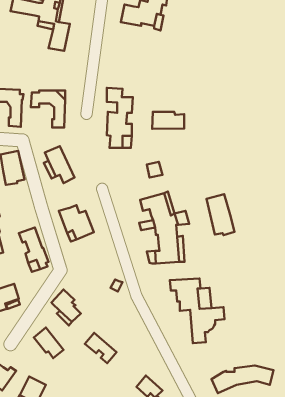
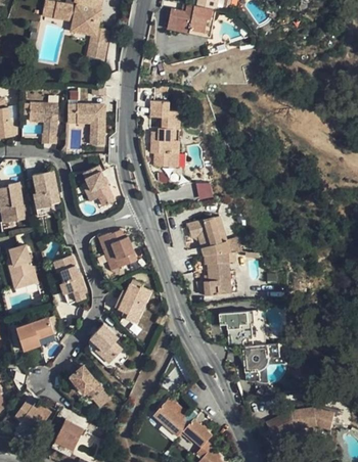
building: [152,112,184,129] -> none
building: [206,194,234,235] -> none
building: none -> [114,284,150,323]
building: [85,333,116,363] -> [153,404,188,437]

